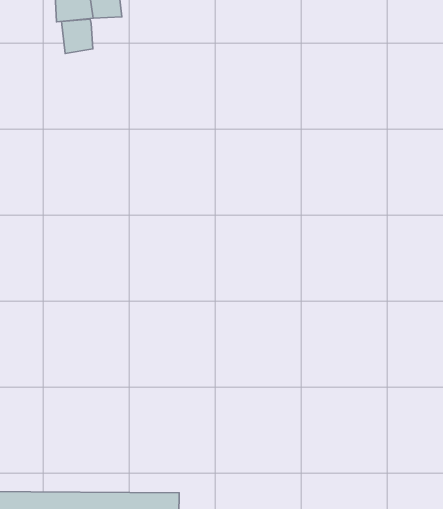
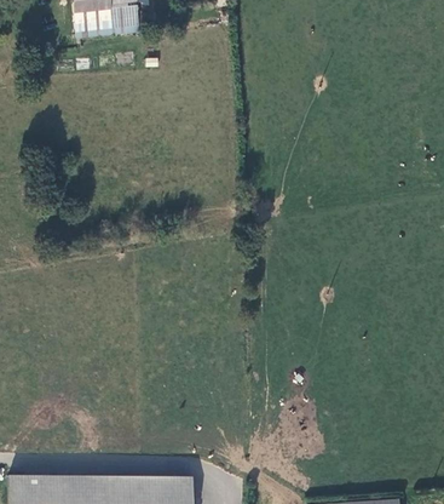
building: [62,19,93,53] -> none

